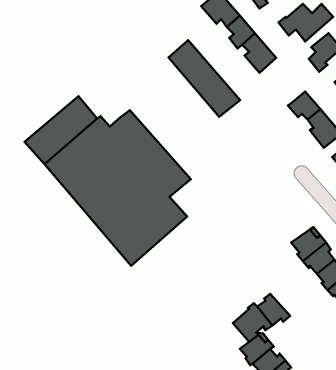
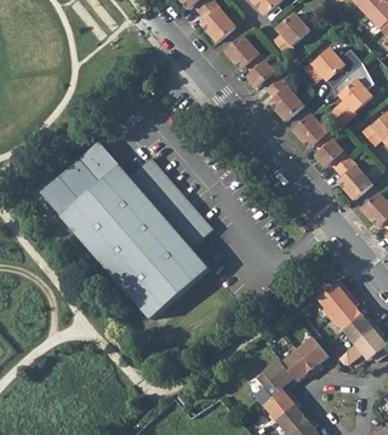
building: [169,40,240,117] -> none
building: none -> [291,114,331,150]
building: none -> [295,337,327,372]

